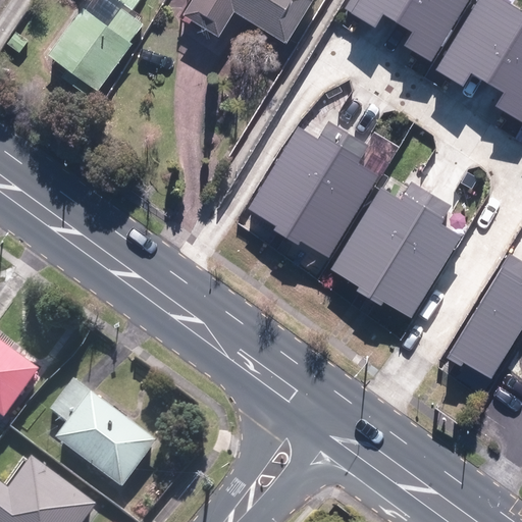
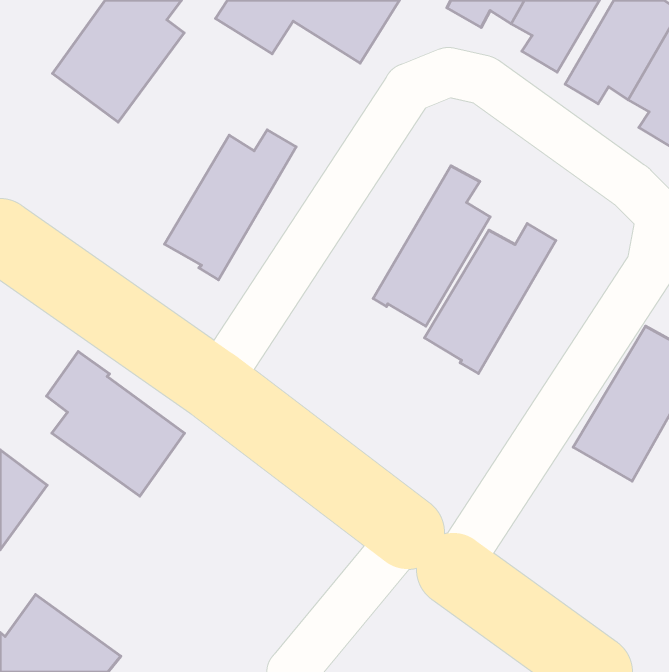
building: [250,115,352,231] -> [165,130,296,280]
building: [373,187,464,311] -> none
building: [49,381,156,493] -> [47,352,185,496]

